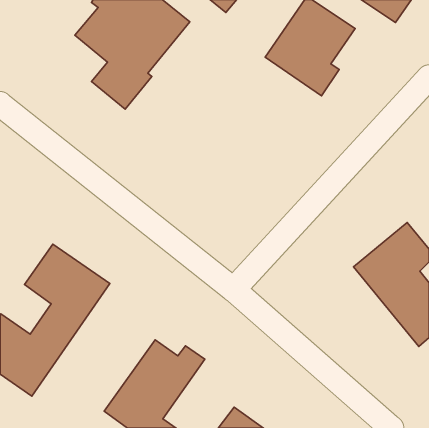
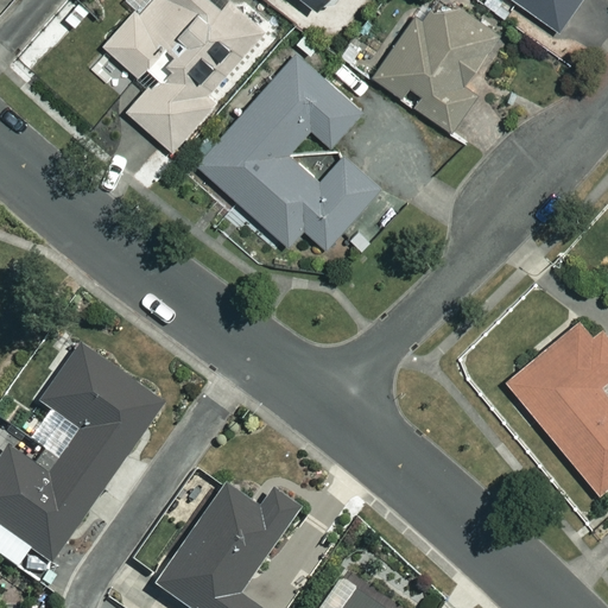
building: none -> [200,56,397,254]

